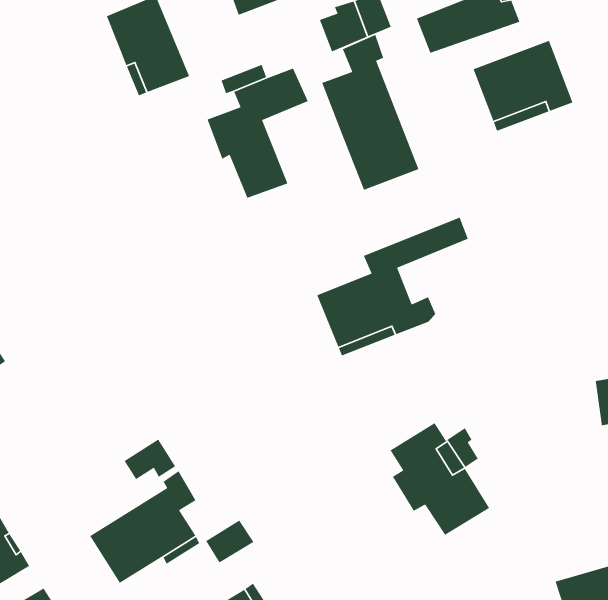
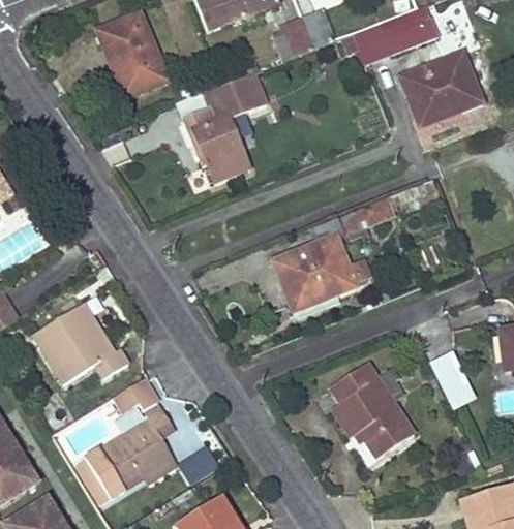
building: [321,34,419,191] -> none
building: none -> [31,304,127,383]
building: none -> [432,348,481,413]

